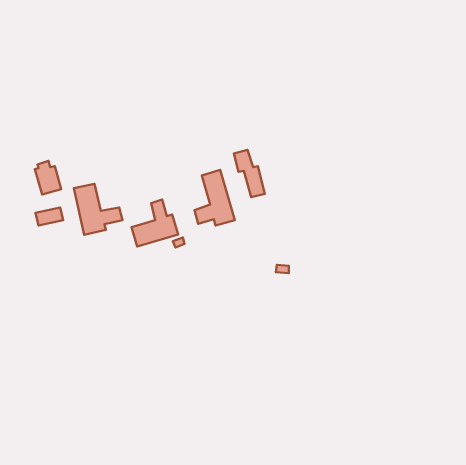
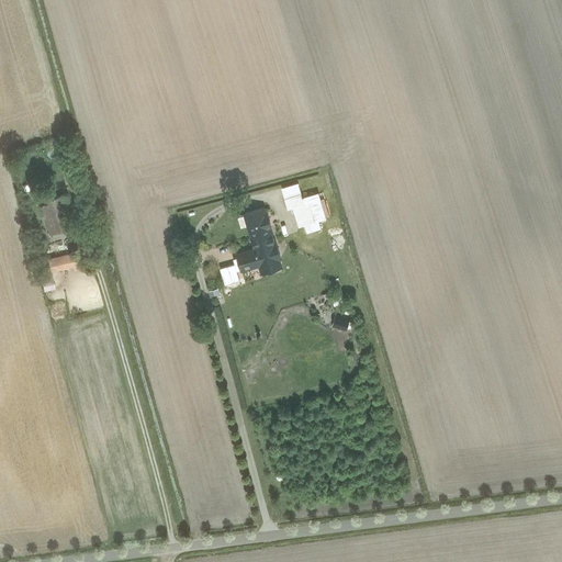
building: [74,184,122,235] -> none
building: [132,200,178,247] -> none

